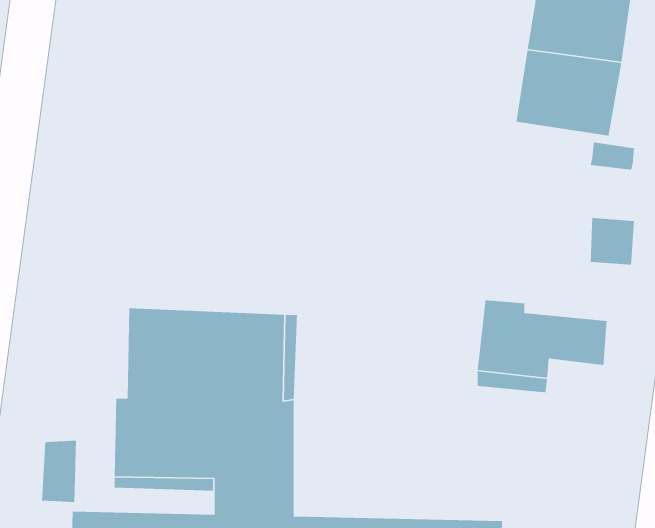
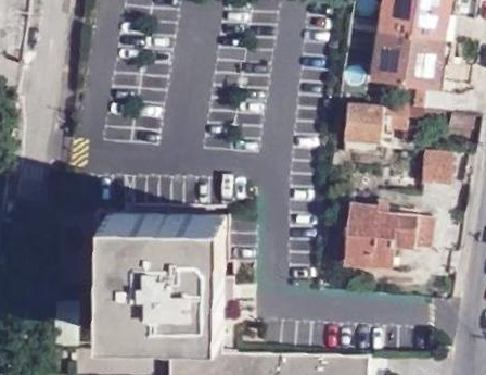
building: none -> [342,108,406,147]

